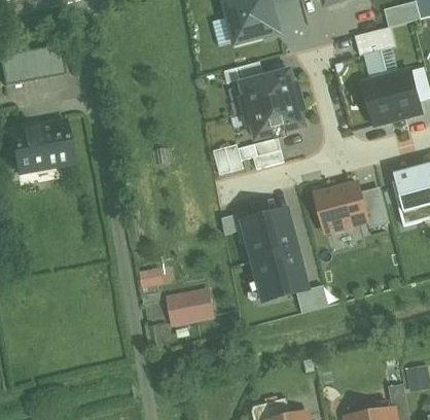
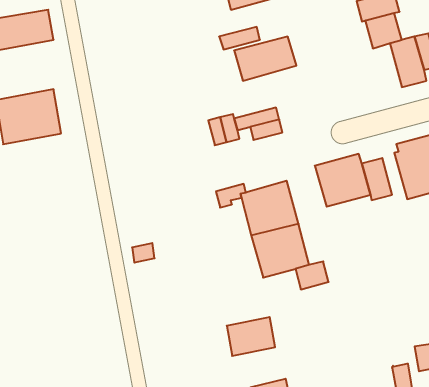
building: [362,76,397,125] -> none
building: [245,98,303,140] -> none
building: [166,288,212,325] -> [227,317,275,356]

